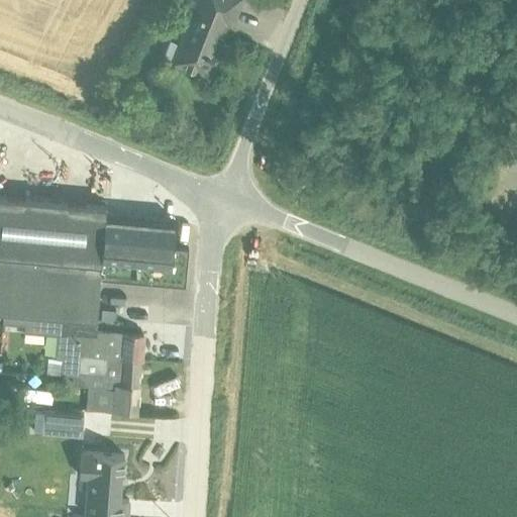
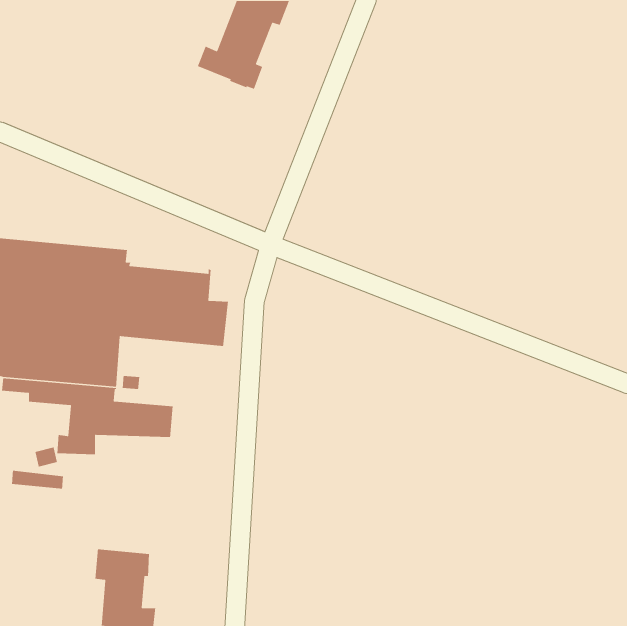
building: [79,359,140,414] -> none
building: [33,413,83,436] -> none

